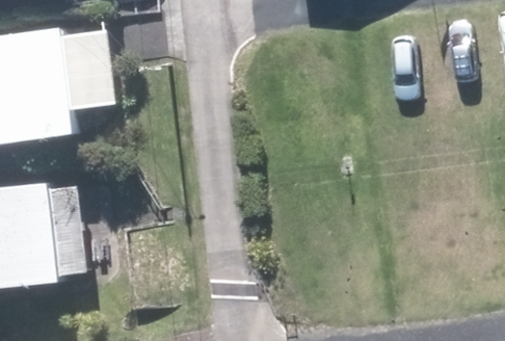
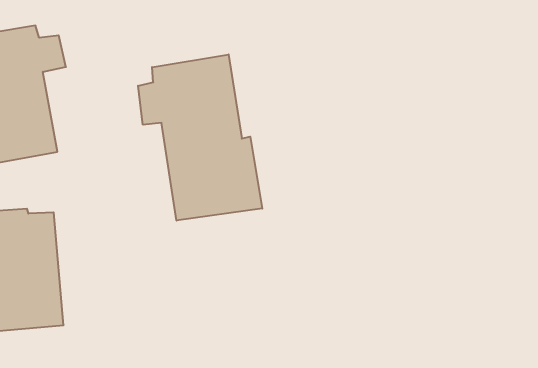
building: none -> [138,54,262,221]

